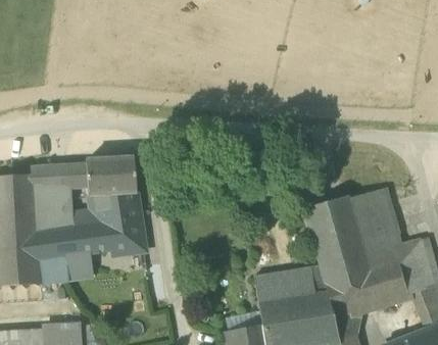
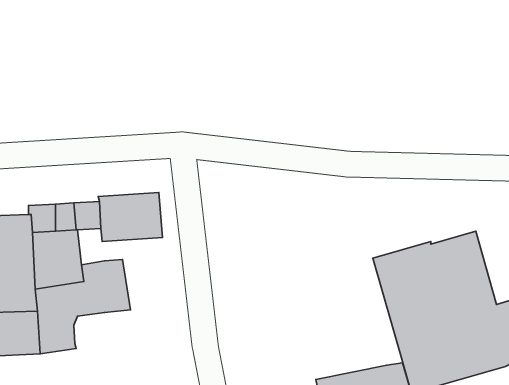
building: [89,192,144,254] -> none
building: [66,251,93,276] -> none
building: [254,265,314,304] -> none

